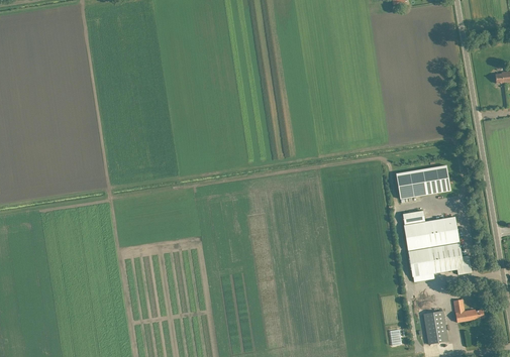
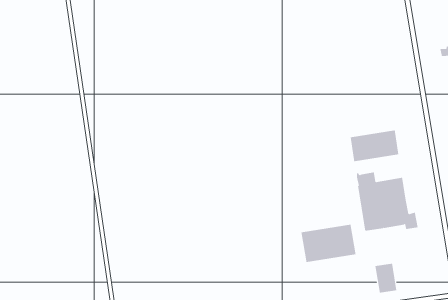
building: none -> [301,224,356,263]
building: [452,300,484,324] -> none

